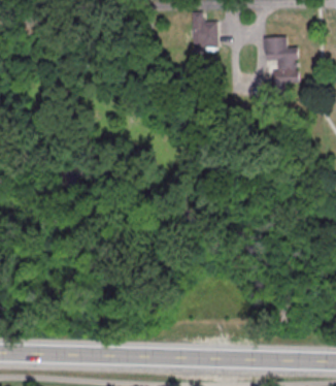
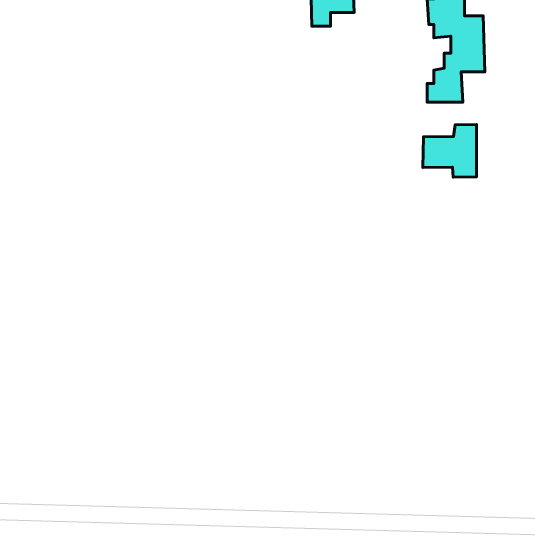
building: none -> [423,125,477,177]

